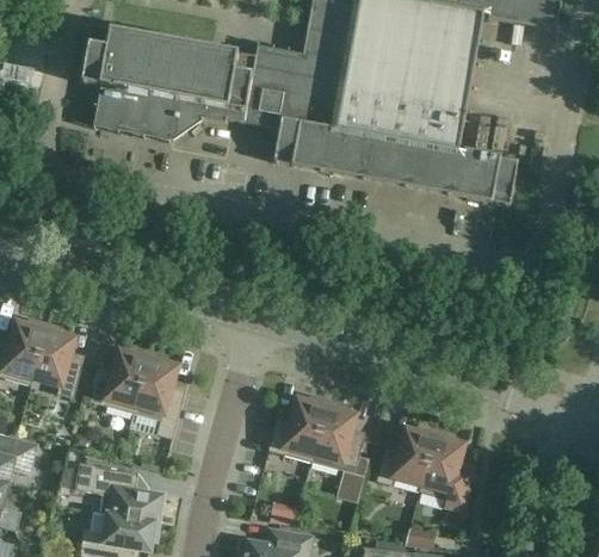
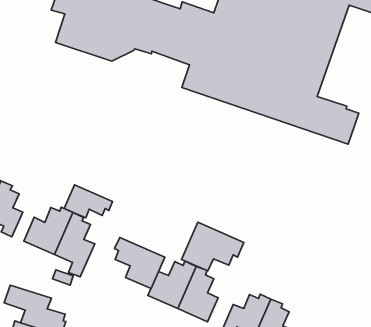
building: none -> [64,185,113,218]
building: none -> [181,222,244,271]
building: none -> [114,237,165,289]

